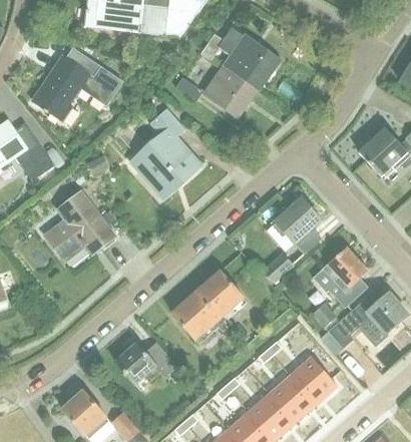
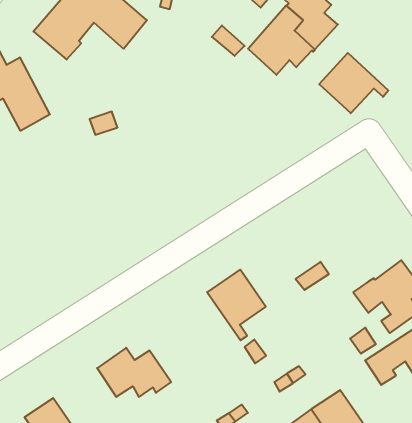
building: none -> [319,53,388,113]
building: [141,107,198,193] -> none
building: [45,193,112,260] -> none
building: [276,197,322,253] -> none
building: [170,291,227,340] -> none

